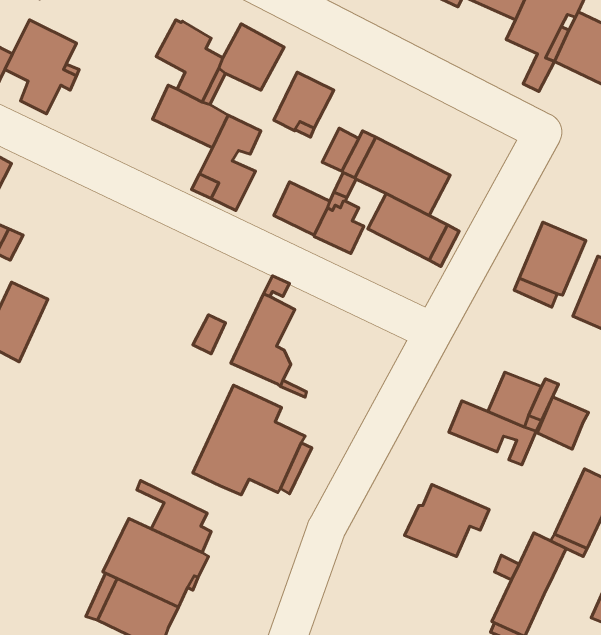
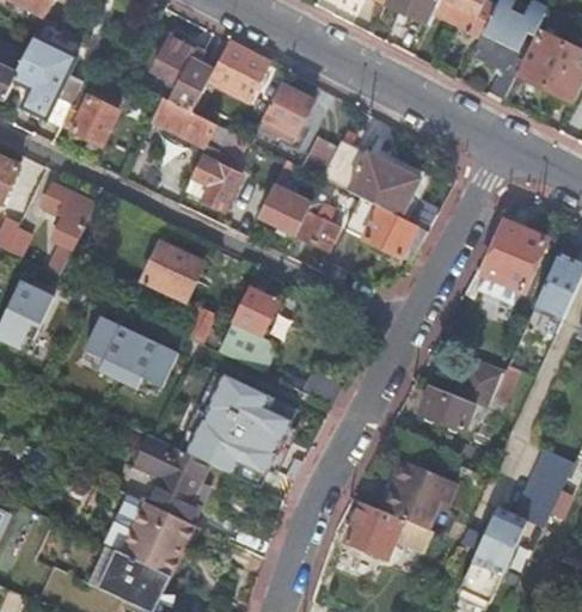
building: none -> [63,92,118,149]
building: none -> [42,183,93,276]
building: none -> [142,241,203,300]
building: none -> [81,313,176,386]
building: [537,397,588,449] -> none
building: none -> [137,433,210,488]
building: none -> [345,501,433,557]

